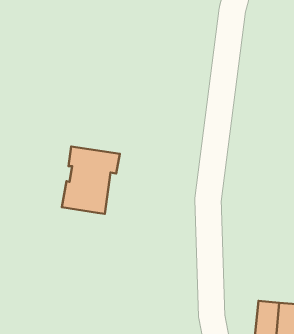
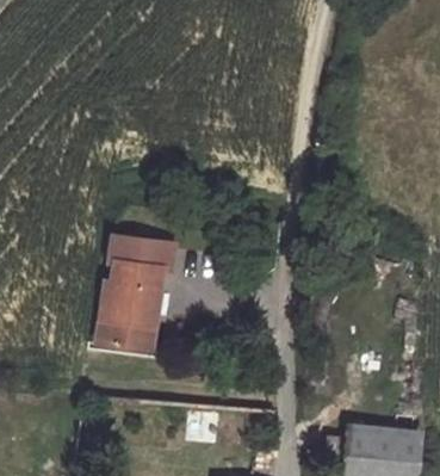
building: none -> [95,313,155,352]

